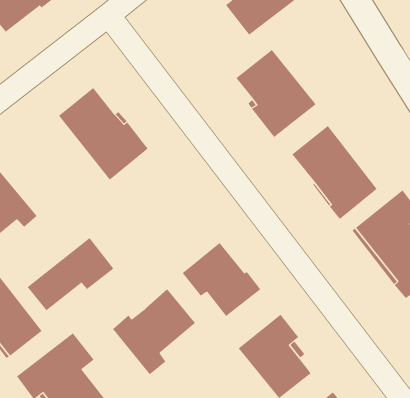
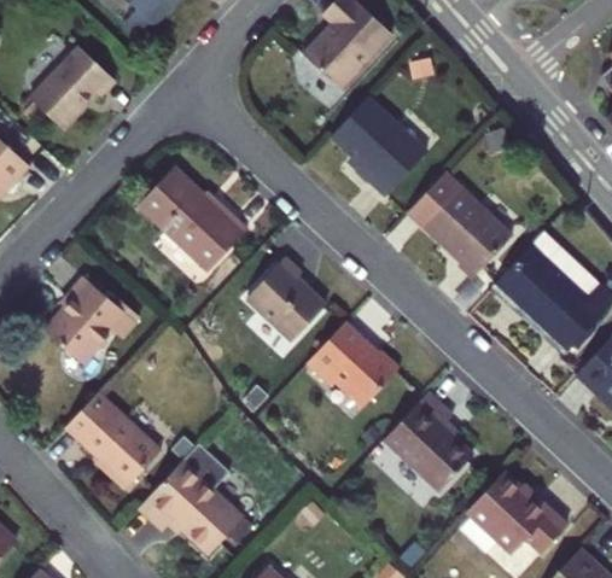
building: none -> [245,257,326,341]
building: [27,237,114,311] -> none
building: [112,289,196,375] -> none

